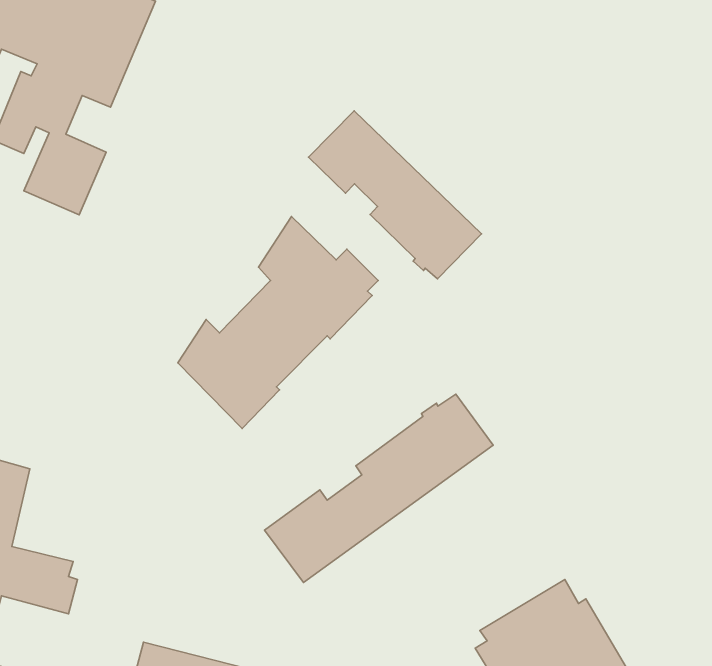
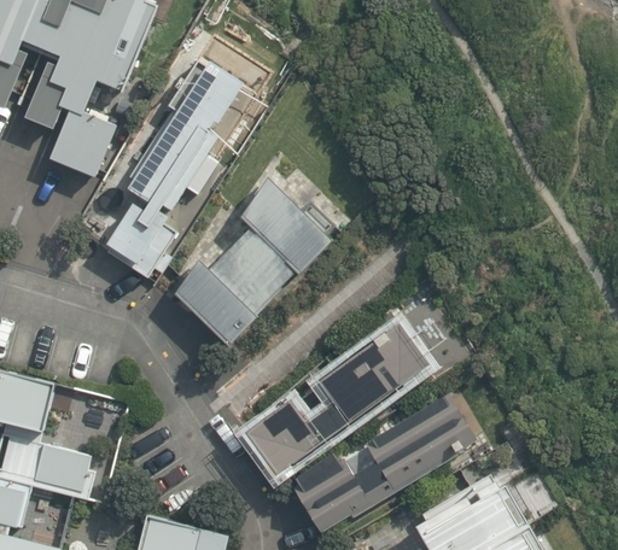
building: none -> [105,63,243,281]
building: [309,111,482,279] -> none
building: none -> [292,393,478,532]

